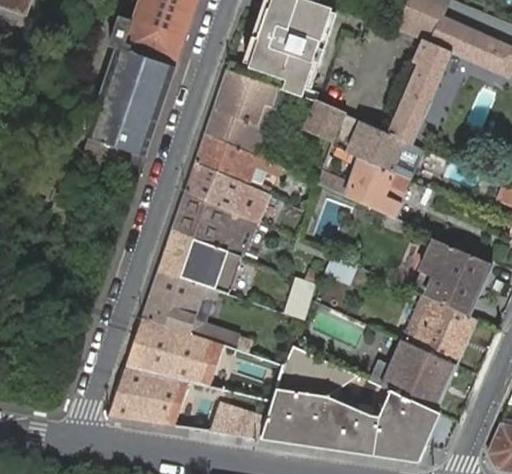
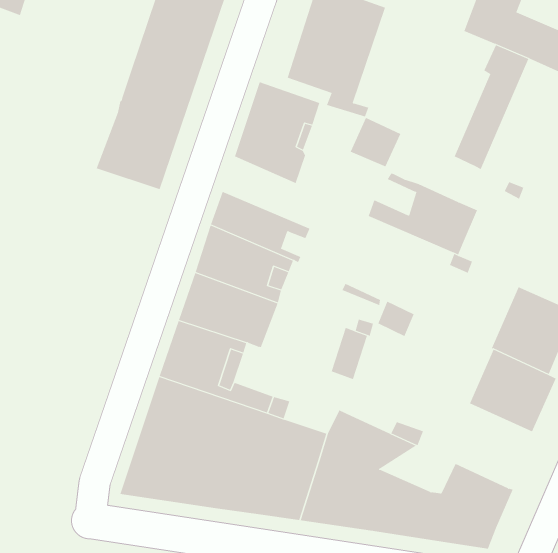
building: [330,114,405,171] -> none
building: [194,133,279,193] -> none
building: [380,340,454,411] -> none

